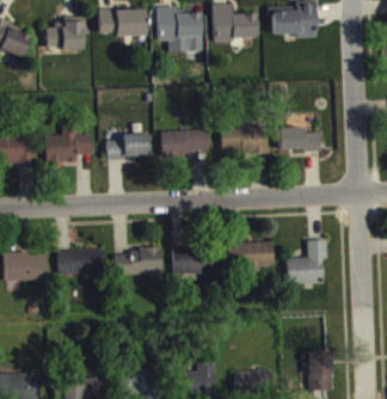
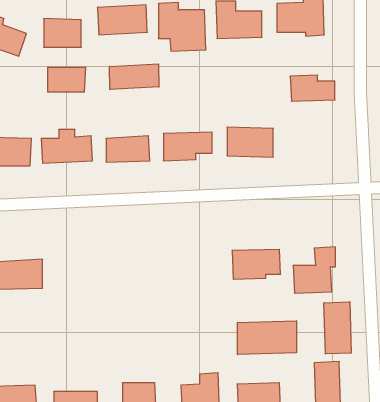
building: none -> [109,64,159,90]
building: none -> [48,67,86,92]
building: [278,125,321,151] -> [290,75,335,101]
building: [172,245,217,274] -> none
building: [57,248,105,272] -> none
building: [115,248,162,275] -> none
building: none -> [324,302,351,354]
building: none -> [238,321,296,355]

